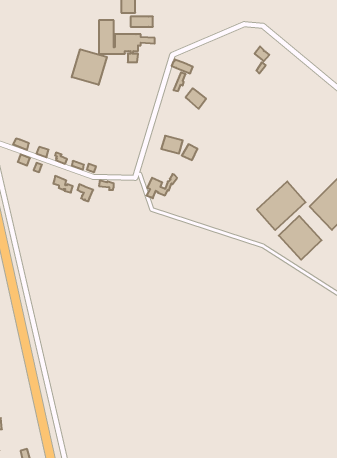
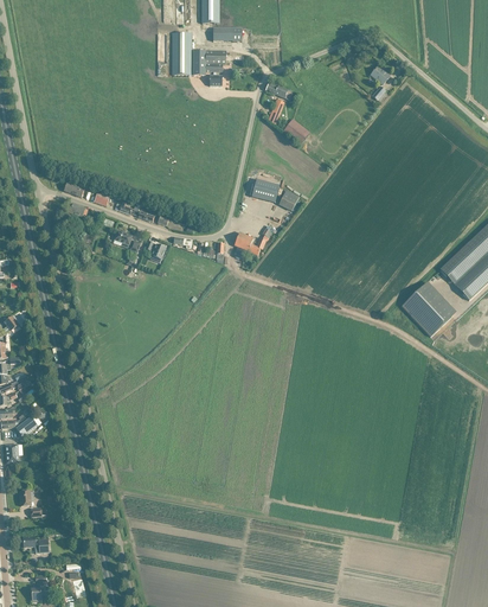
building: [72,49,107,85] -> none
building: [257,181,306,230] -> none

